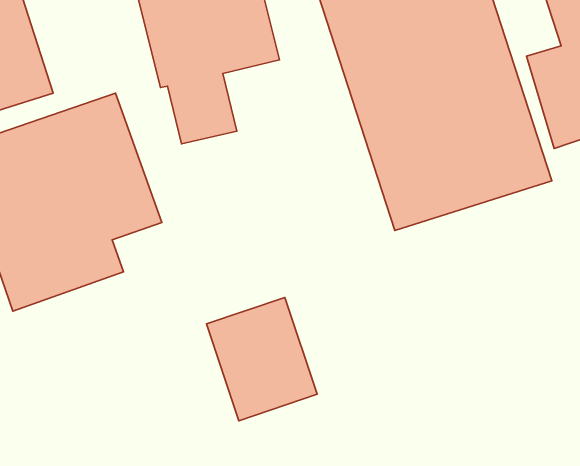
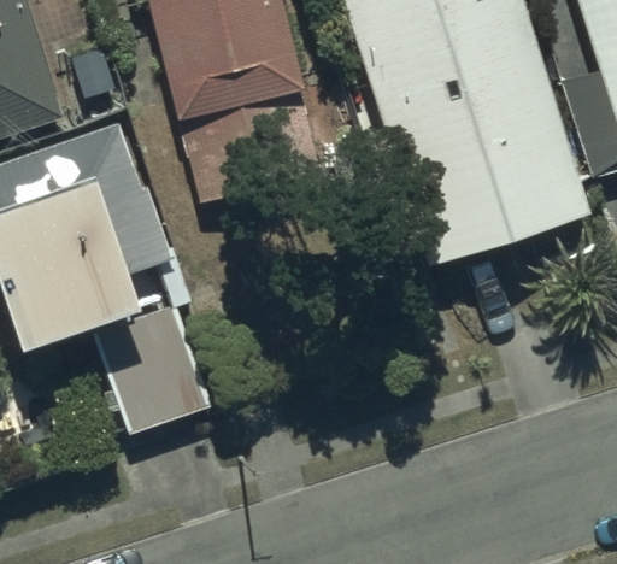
building: [206,297,317,421] -> [100,307,216,436]

